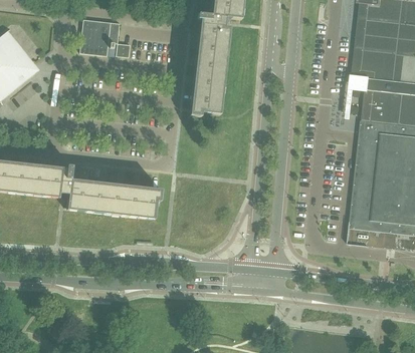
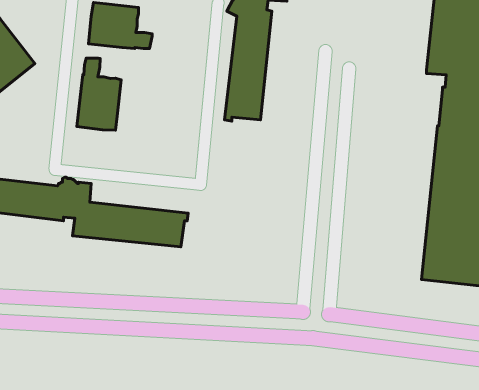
building: none -> [77,58,121,130]

